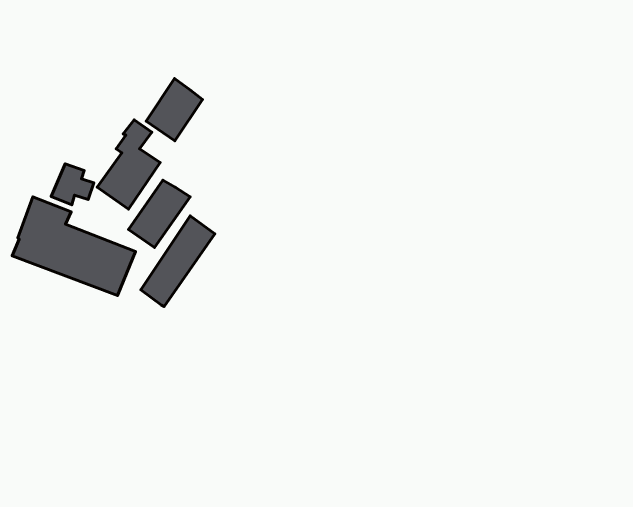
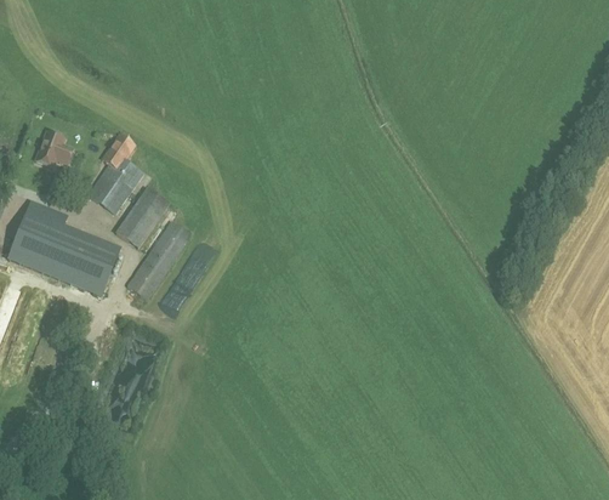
building: [146,79,203,141] -> none
building: [51,164,94,205] -> [35,131,73,167]

